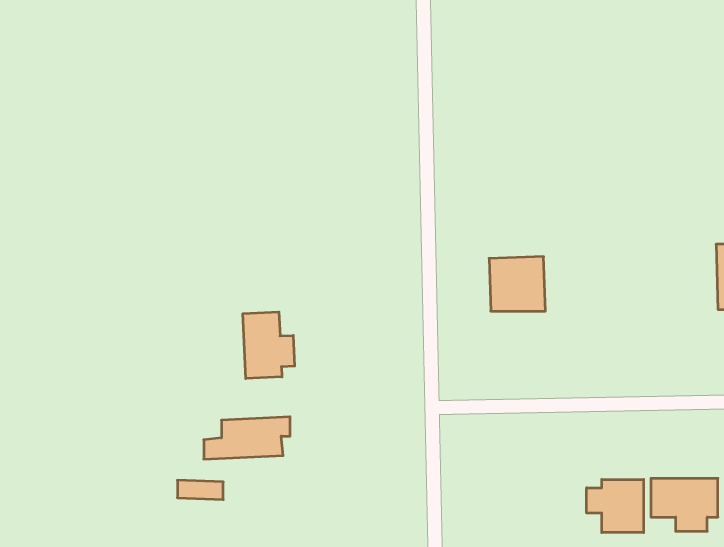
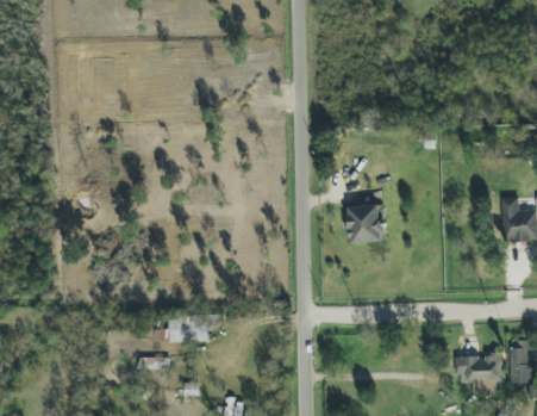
building: [243,312,295,379] -> none
building: [587,479,644,533] -> none

